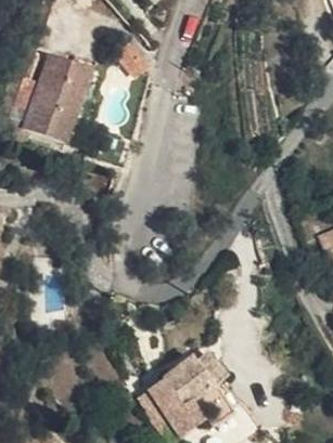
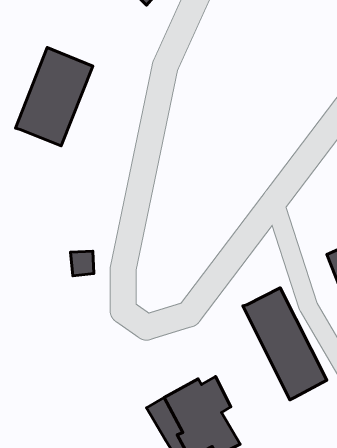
building: none -> [243,288,327,400]

